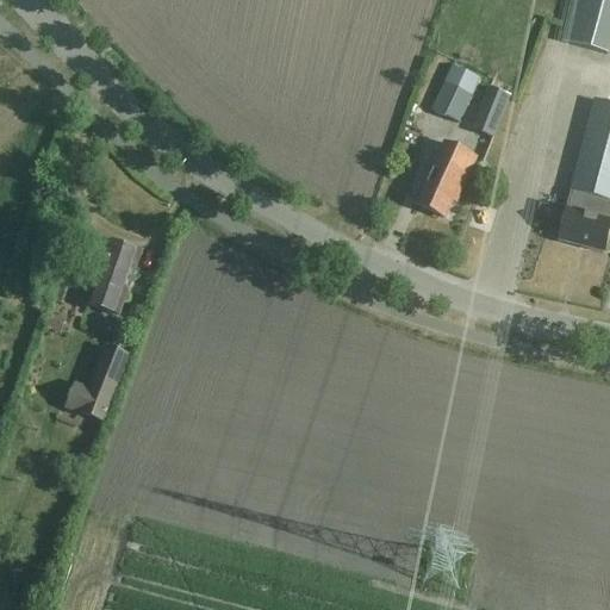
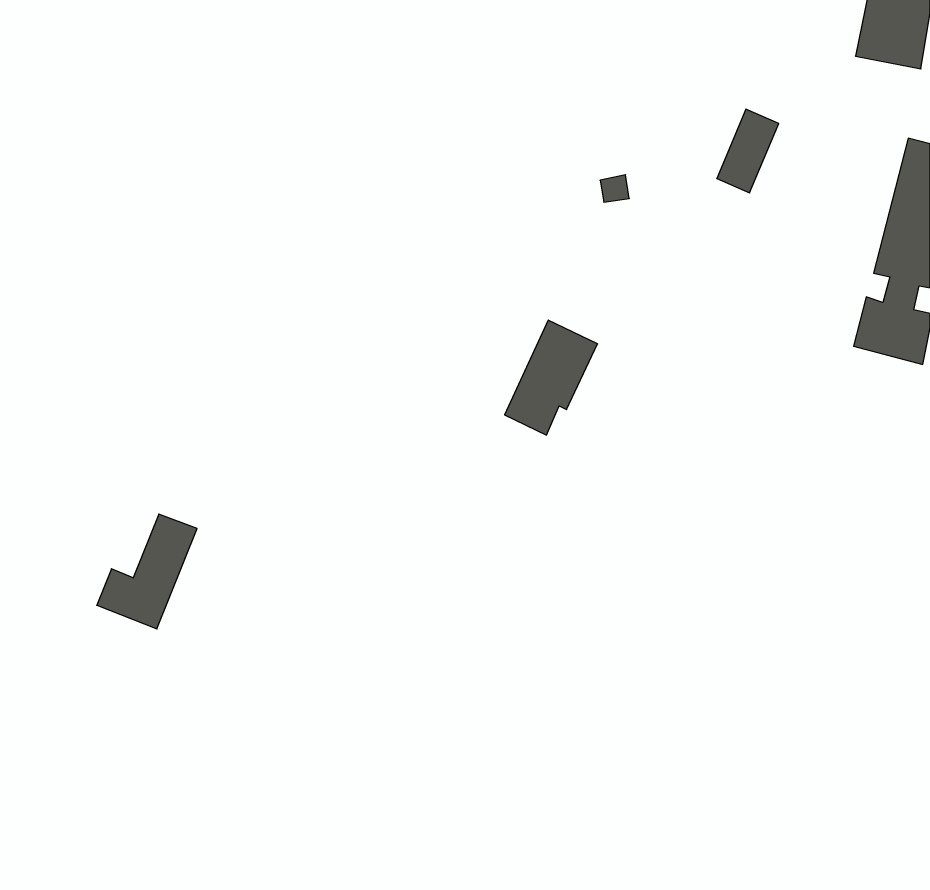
building: [430,61,480,119] -> none
building: [417,138,478,213] -> [505,320,598,435]
building: [88,241,138,312] -> none

